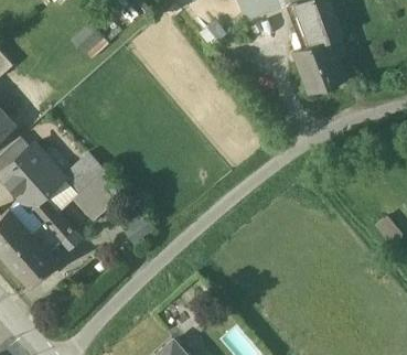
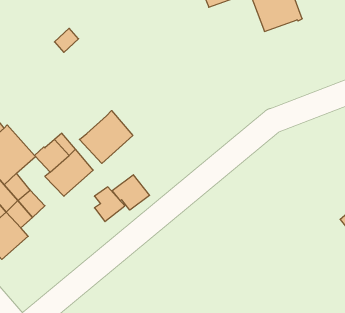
building: [293,33,345,90] -> none
building: none -> [79,111,133,163]
building: none -> [112,175,150,210]

